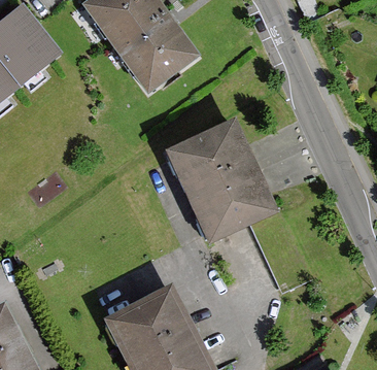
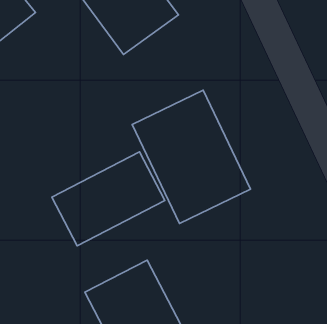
building: none -> [52,152,165,246]

